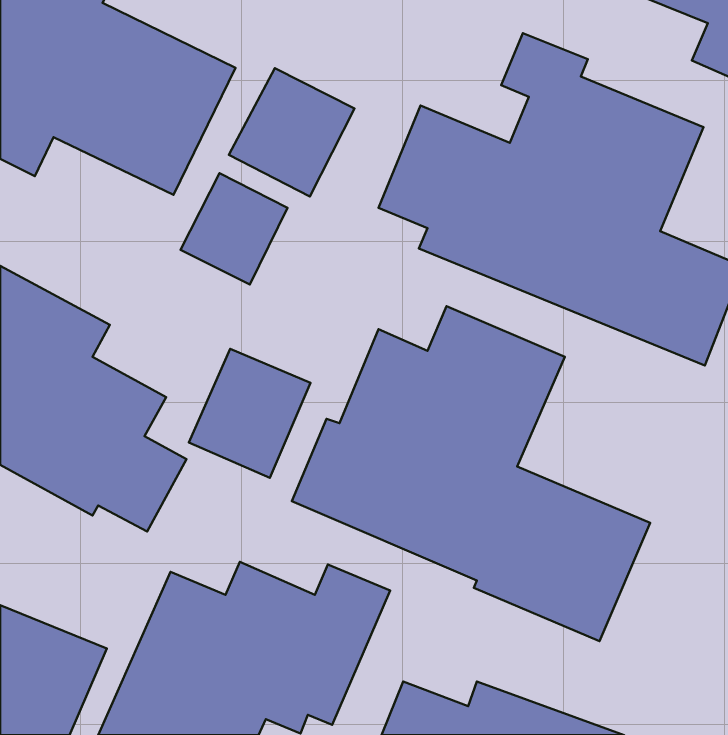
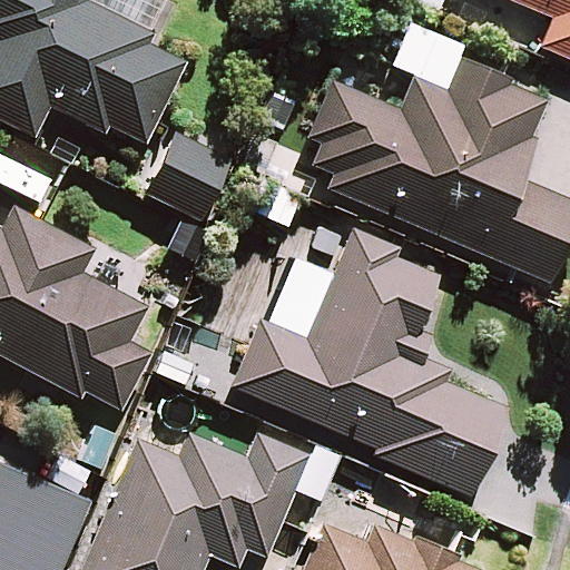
building: [229,68,355,197] -> none
building: [189,349,310,478] -> none

